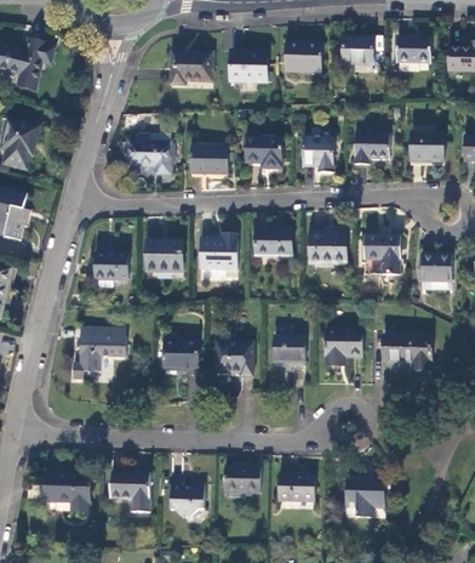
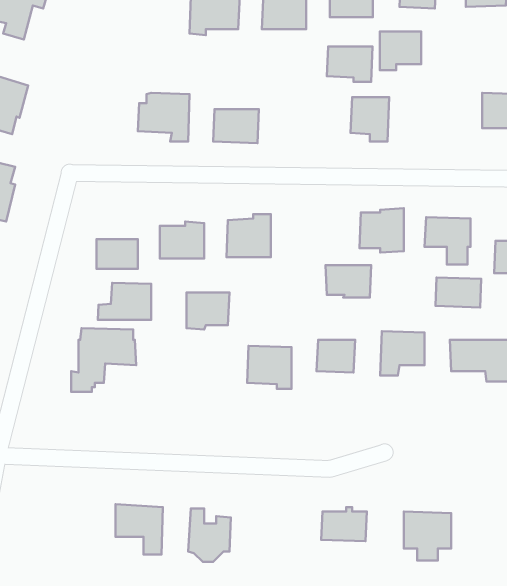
building: [354,133,388,165] -> [380,32,421,70]
building: [245,138,282,167] -> [327,46,373,82]
building: [254,228,292,255] -> [325,265,371,298]
building: none -> [435,277,481,307]
building: none -> [98,283,151,320]
building: [164,340,199,370] -> [187,293,229,330]
building: [222,466,259,493] -> none
building: [44,474,87,510] -> none

